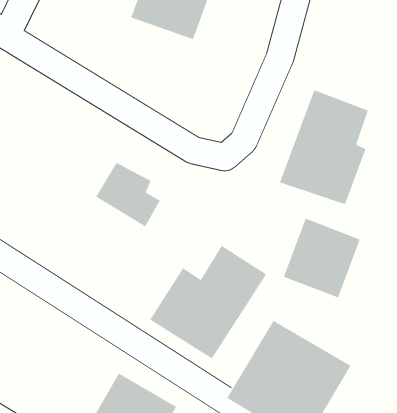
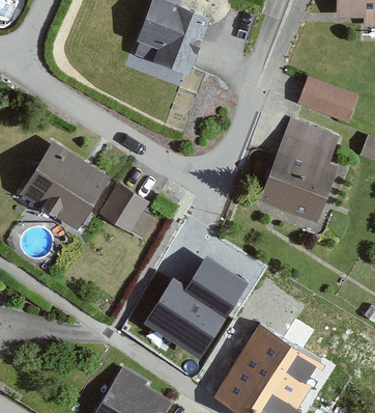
building: none -> [297,76,358,125]
building: none -> [21,142,108,226]
building: [283,218,361,299] -> none

